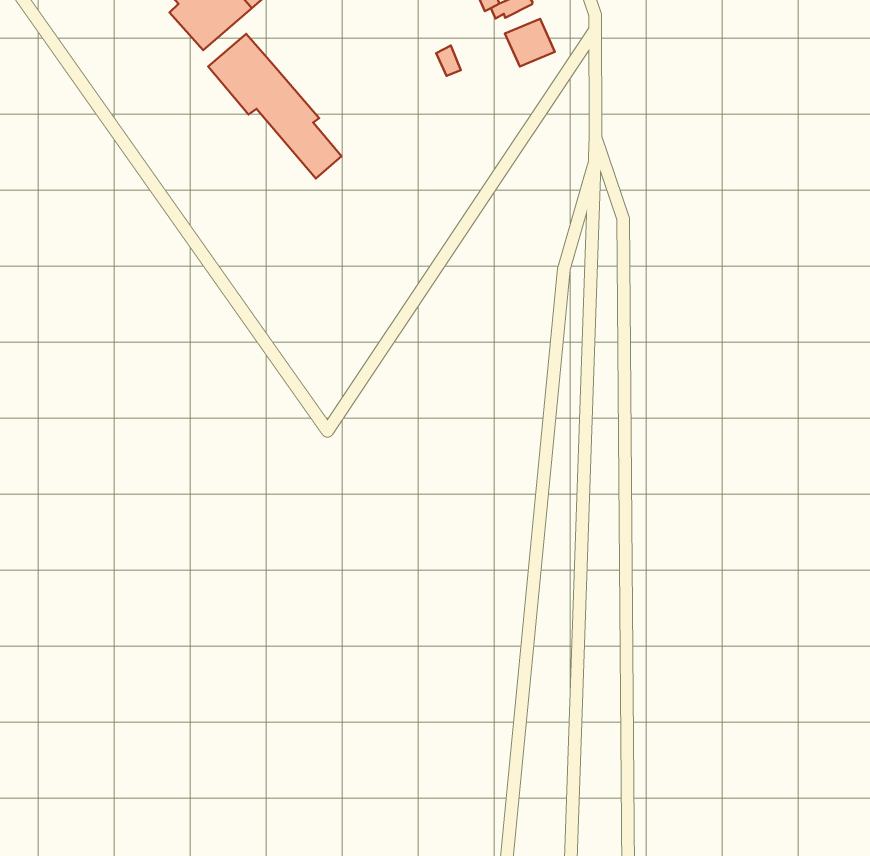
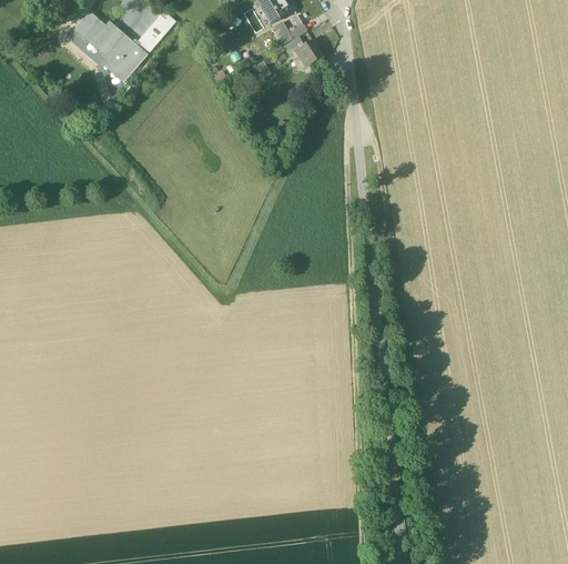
building: [208,34,342,178] -> none

